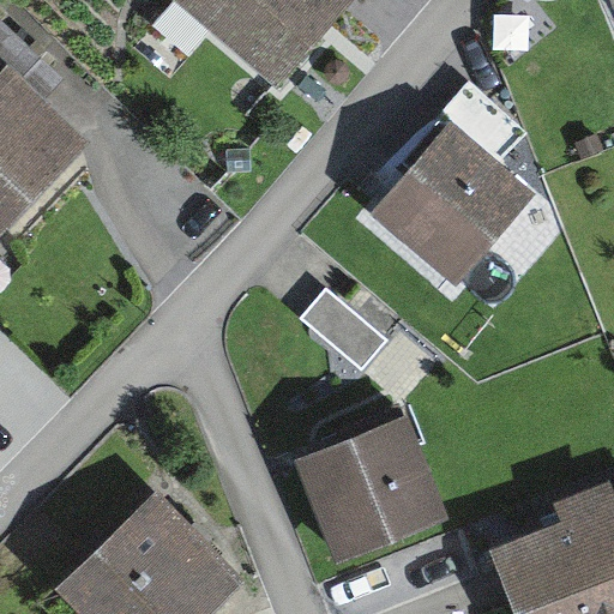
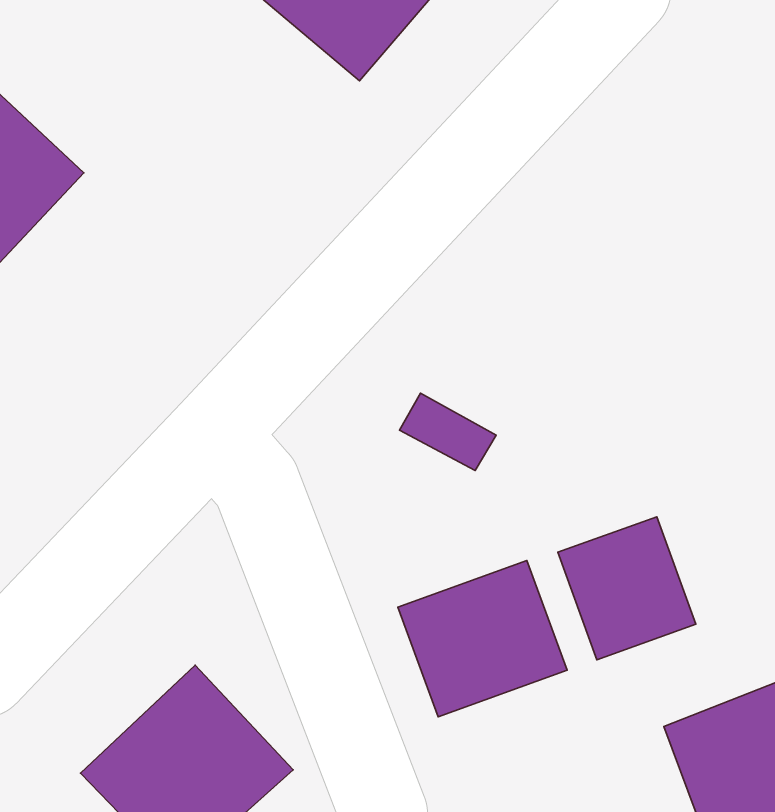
building: [384,127,524,267] -> none
building: none -> [558,517,696,660]

